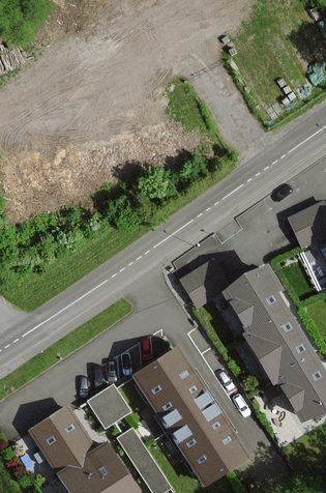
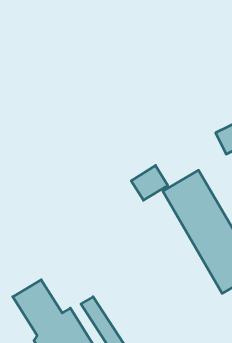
building: [135,348,244,482] -> none
building: [87,383,130,428] -> none

